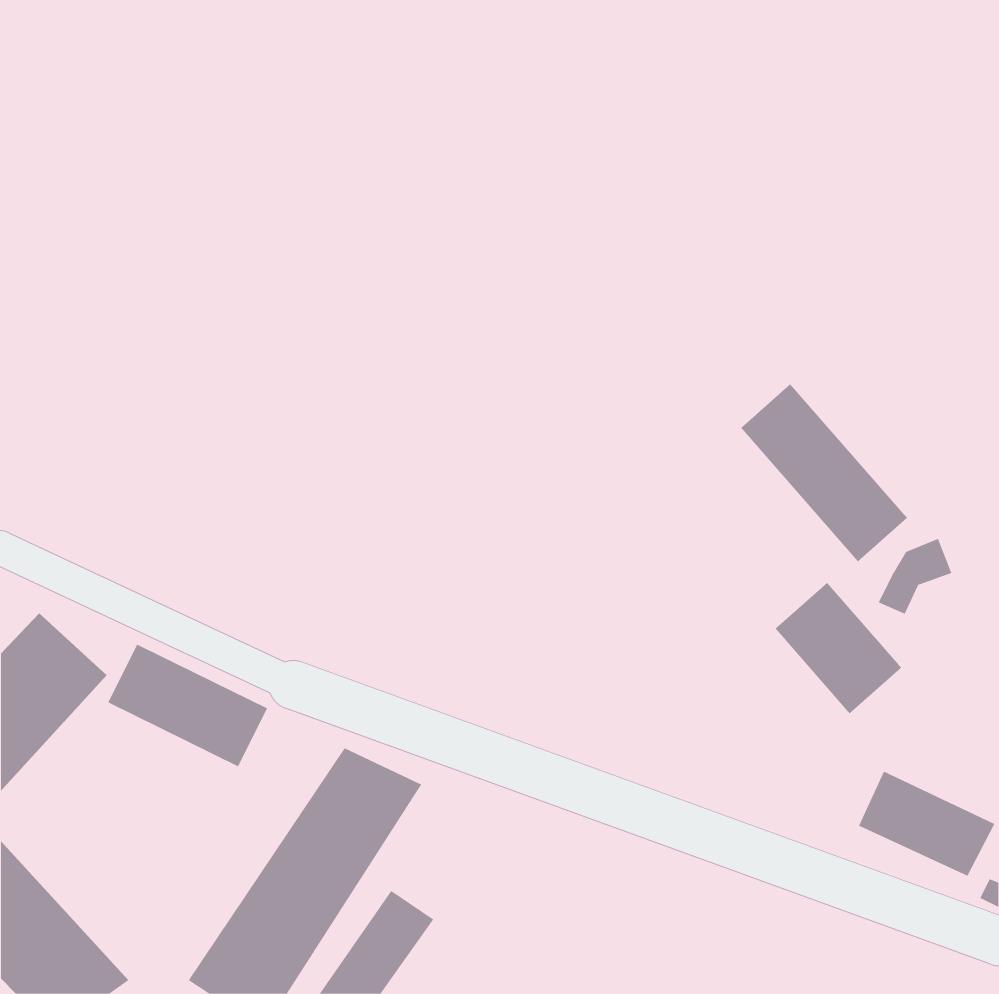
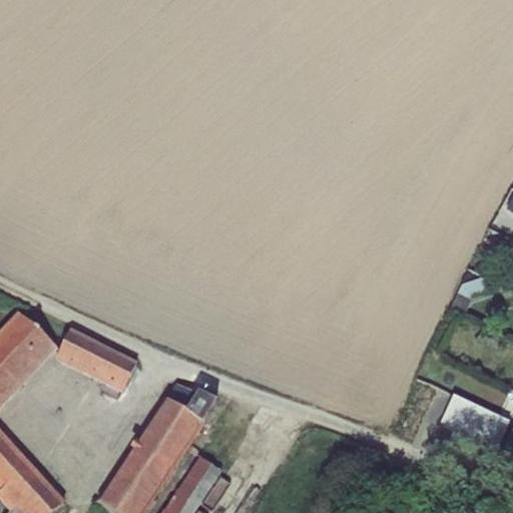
building: [740,383,908,562] -> none
building: [775,582,902,714] -> none

